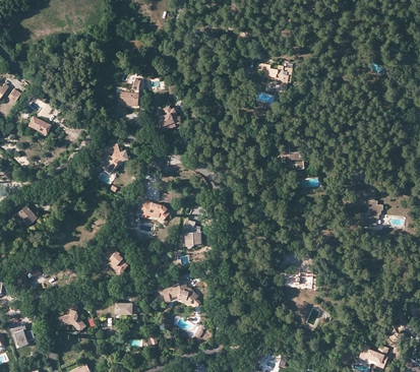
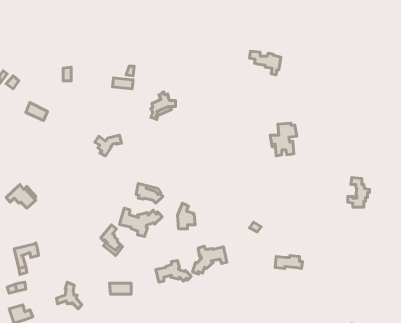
building: none -> [120,208,162,236]
building: none -> [193,246,227,274]

